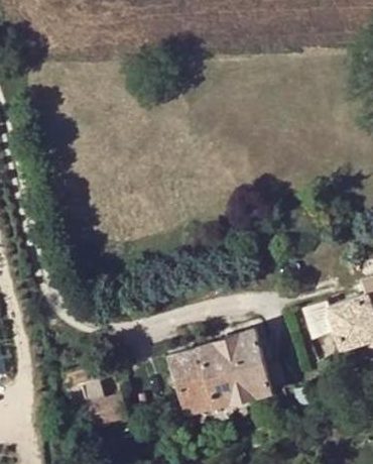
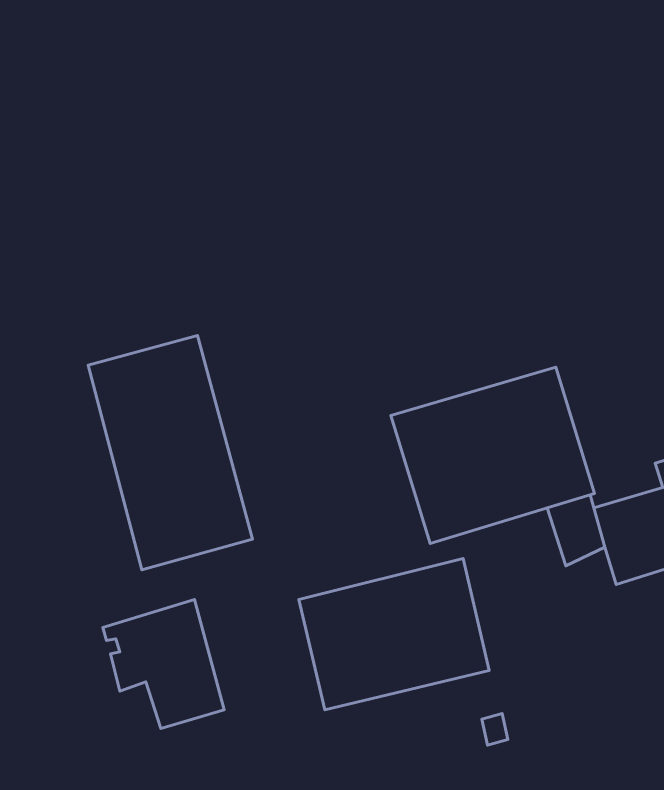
building: none -> [88,335,253,570]
building: none -> [391,367,594,544]

